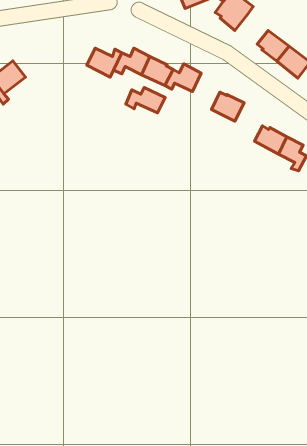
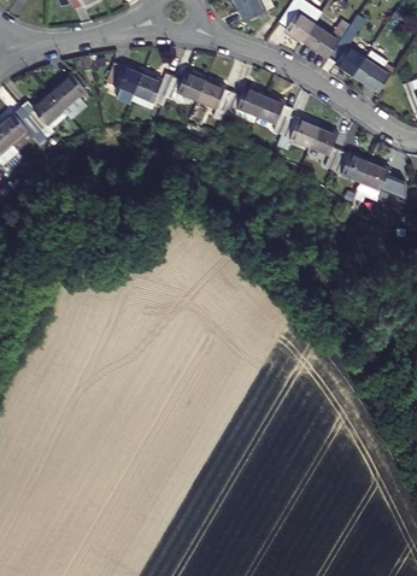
building: none -> [303,19,351,59]
building: none -> [105,63,142,93]
building: none -> [48,74,87,111]
building: none -> [258,94,293,135]
building: [126,88,165,113] -> none
building: none -> [309,125,341,169]

